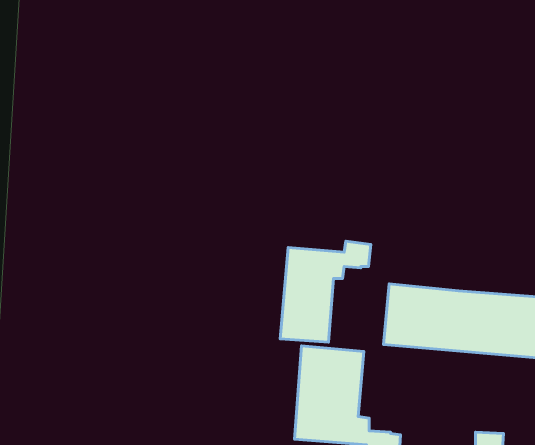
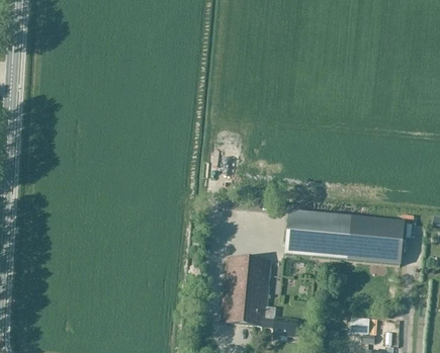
building: [280,241,371,342] -> none

